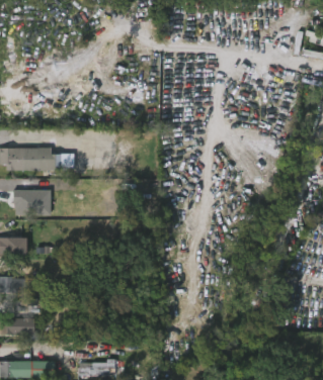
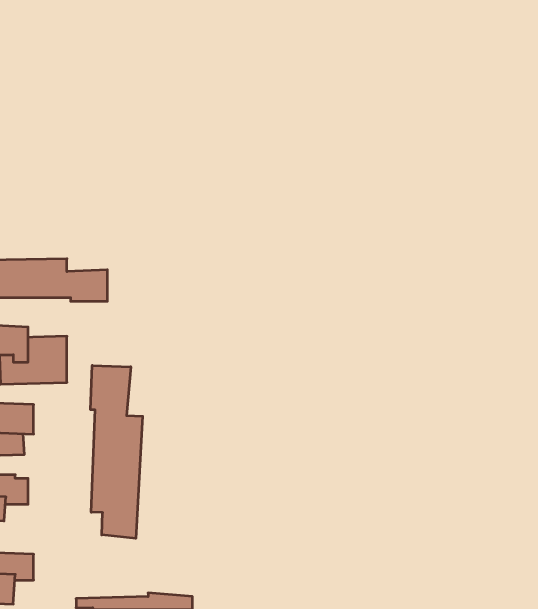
building: none -> [91,365,143,538]

